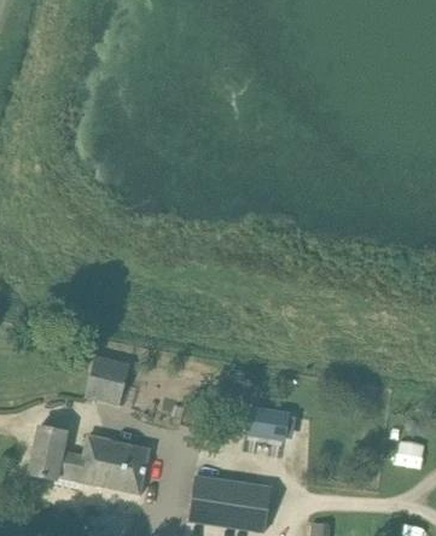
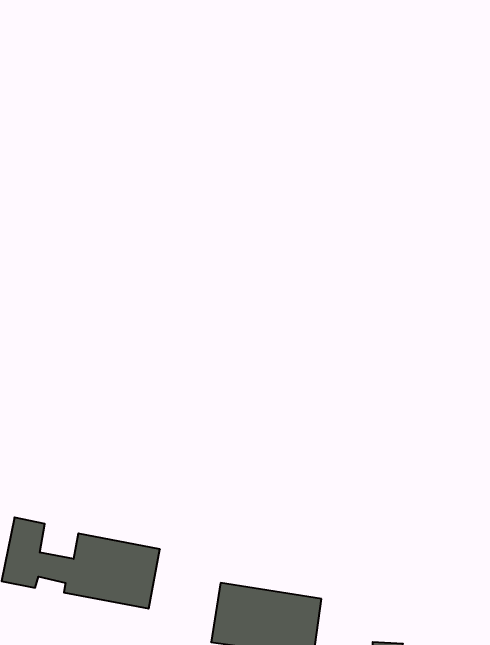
building: [83,354,129,406] -> none
building: [248,404,292,438] -> none

